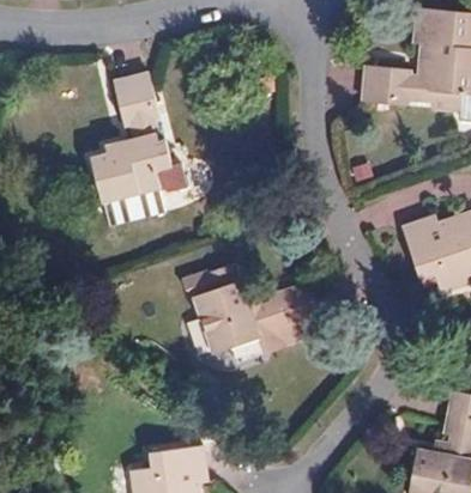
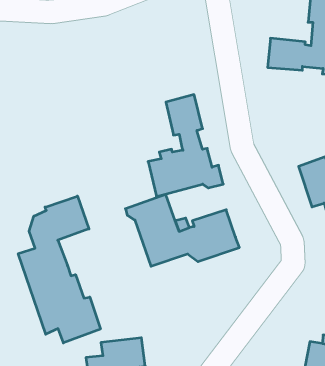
building: [90,73,186,202] -> [148,95,223,196]
building: none -> [18,196,100,343]

